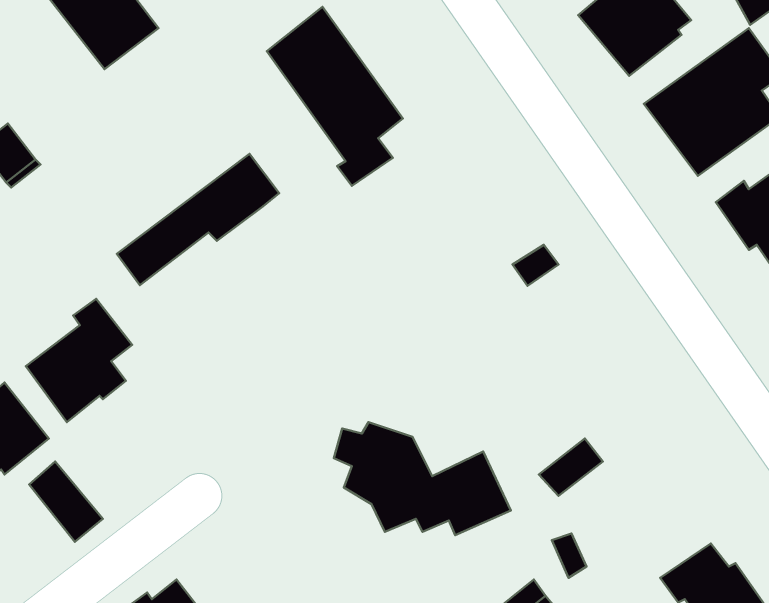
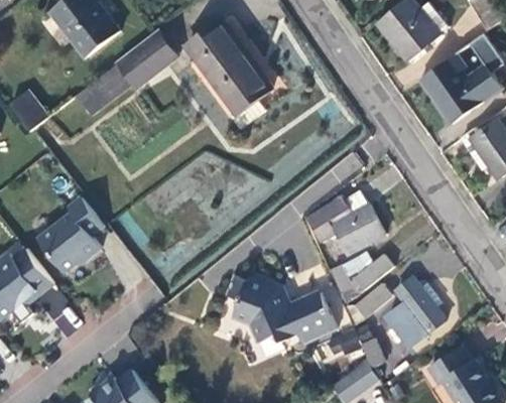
building: [117,154,279,285] -> [76,32,175,113]
building: none -> [306,192,387,256]
building: none -> [331,258,392,303]
building: none -> [386,278,442,347]

